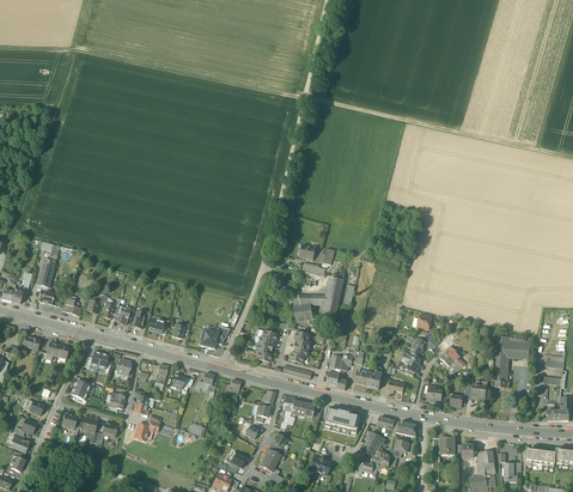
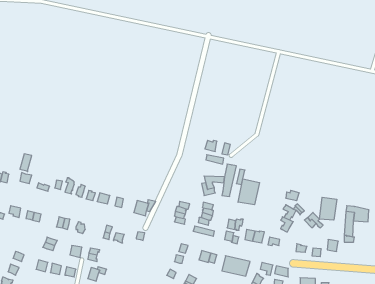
building: none -> [238,179,260,205]
building: none -> [320,197,337,220]

